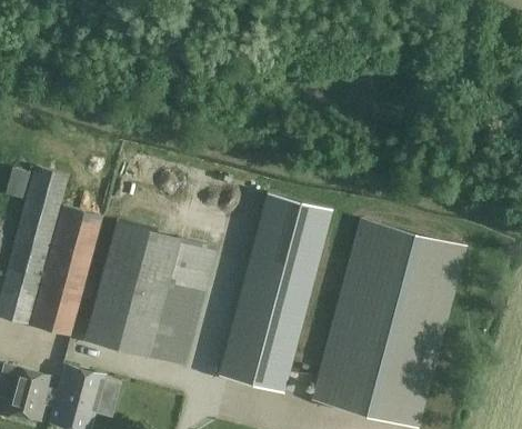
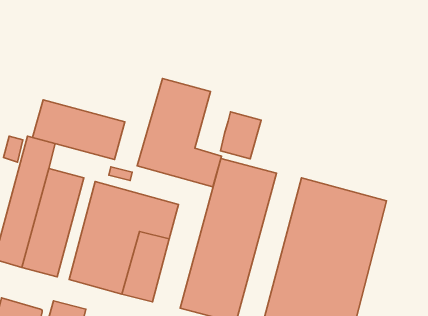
building: none -> [137,78,222,187]
building: none -> [33,100,125,160]
building: none -> [220,112,261,159]

